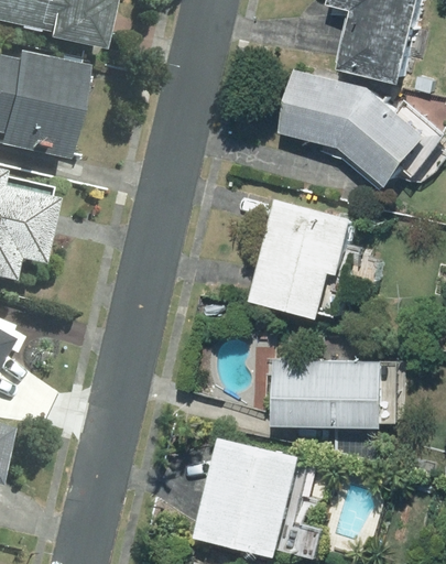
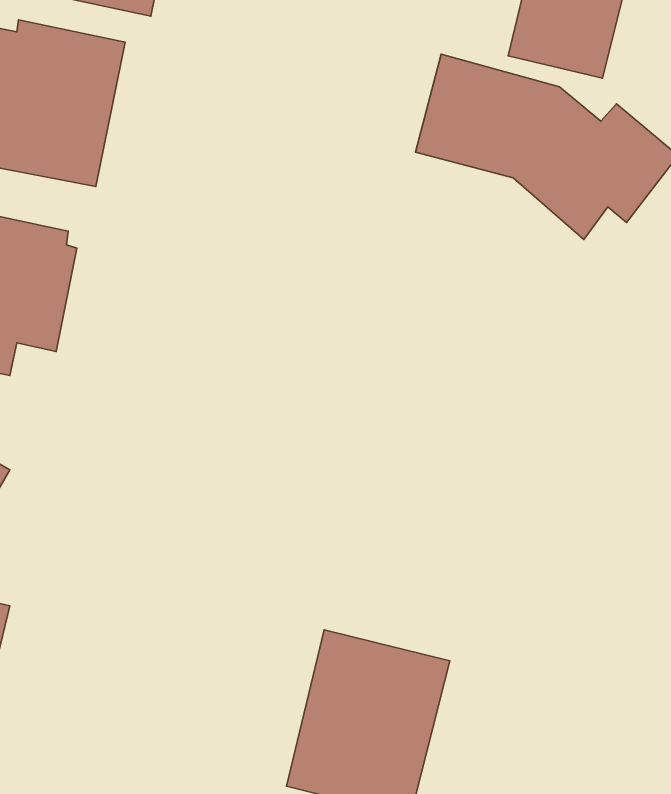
building: [248,200,350,322] -> none
building: [270,361,381,431] -> none

